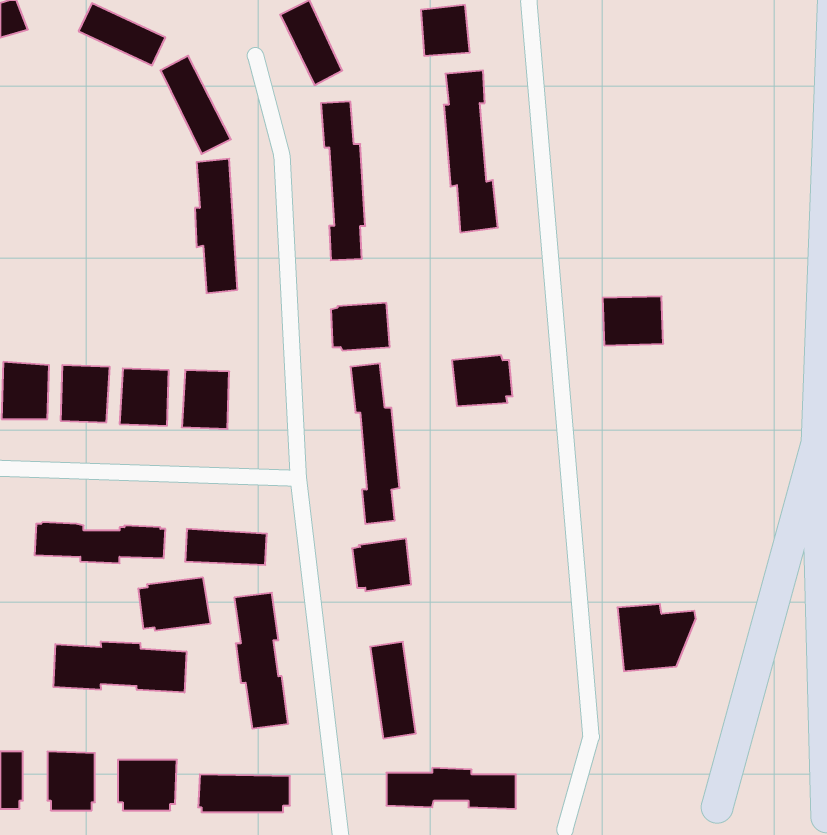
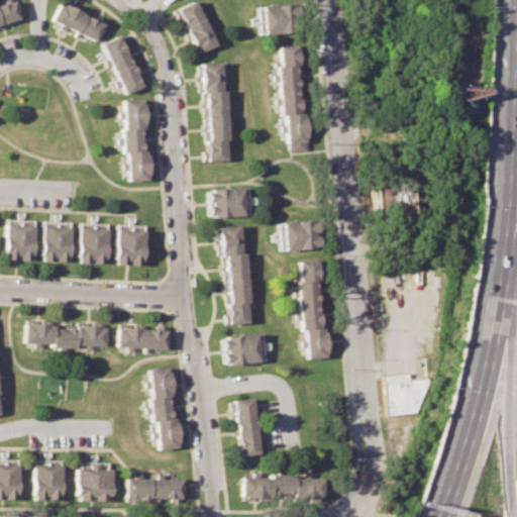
building: none -> [300,258,333,359]
building: [138,577,210,631] -> none
building: [53,641,186,693] -> none

